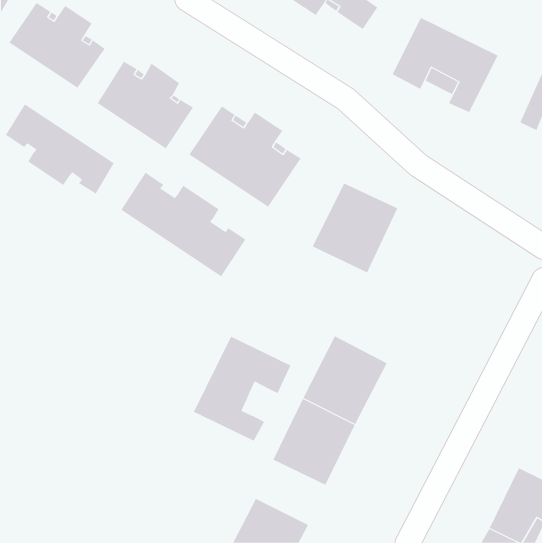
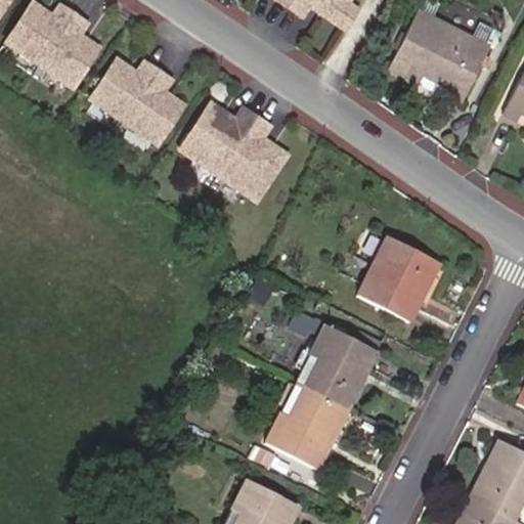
building: [5,104,114,194] -> none
building: [121,172,246,277] -> none
building: [312,183,398,273] -> [352,237,435,324]
building: [193,336,291,442] -> none

